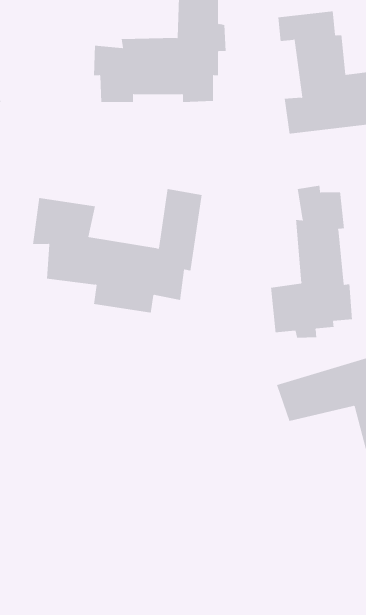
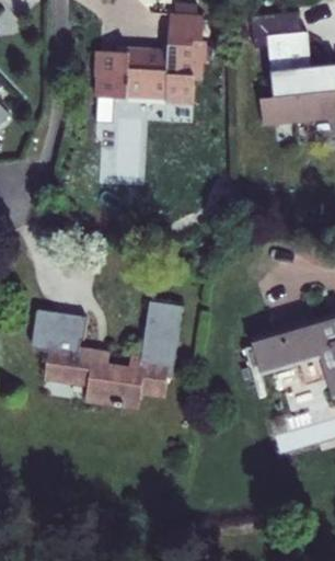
building: [271,185,353,338] -> none
building: [32,188,203,313] -> [31,302,177,410]

